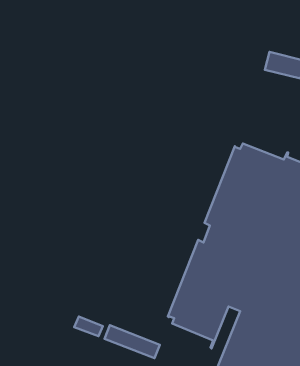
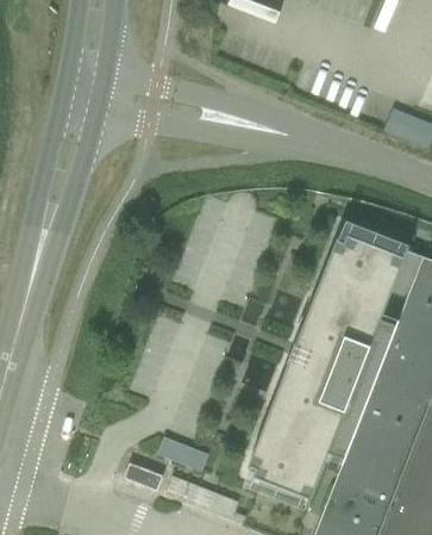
building: none -> [158,437,209,473]

